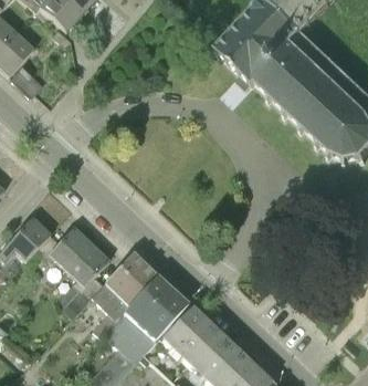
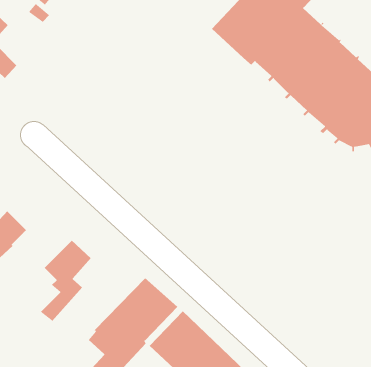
building: [38,227,92,269] -> none
building: [93,253,158,337] -> none

